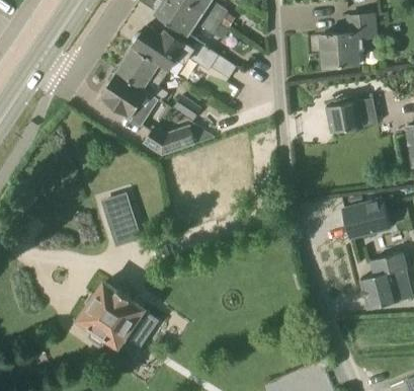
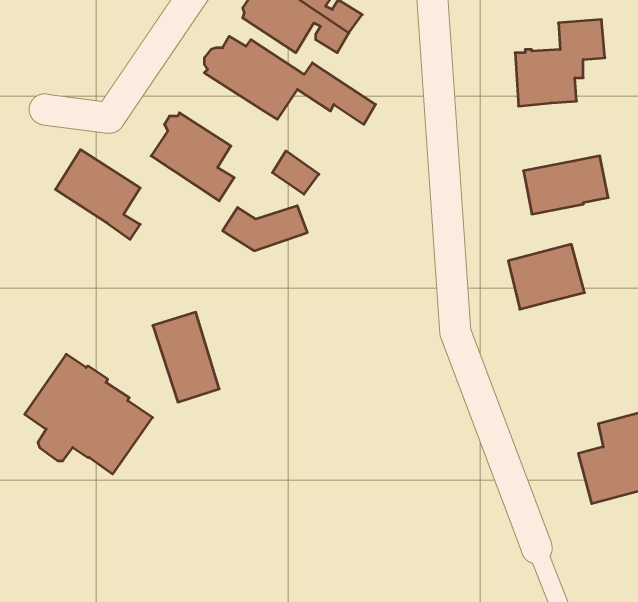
building: [116,47,168,101] -> [55,150,140,239]
building: [342,199,389,238] -> [508,244,585,309]
building: [79,282,157,355] -> [25,354,153,474]

